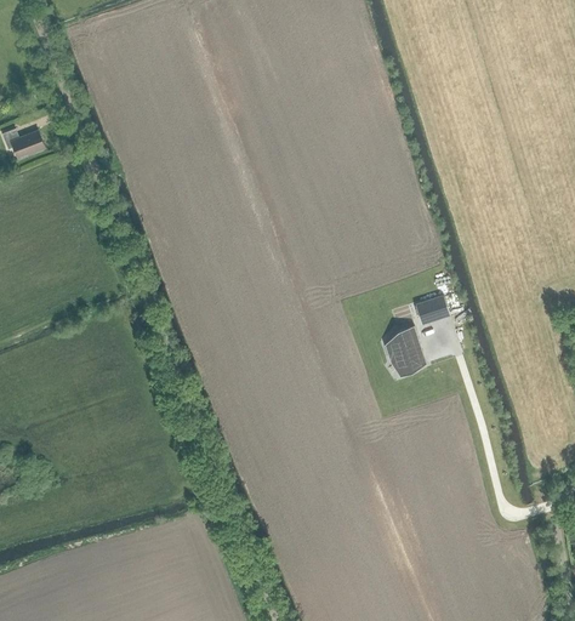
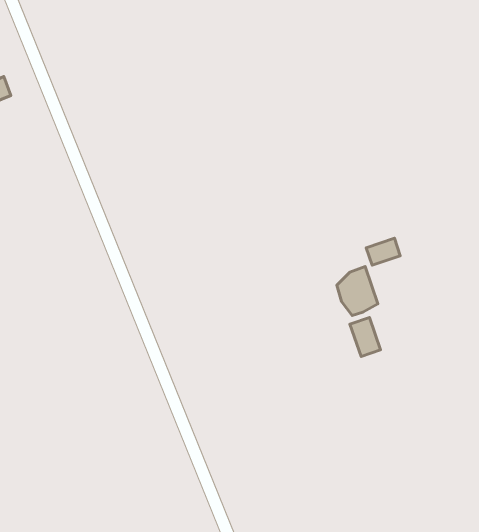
building: none -> [350,317,381,356]

